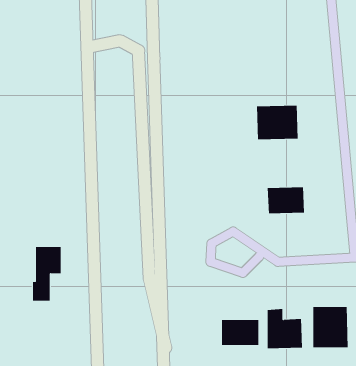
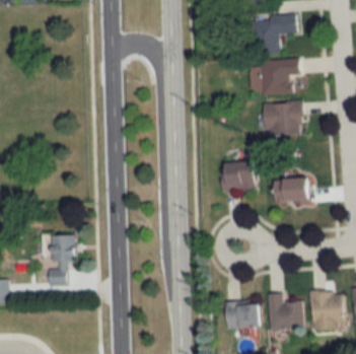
building: none -> [247,16,294,56]
building: none -> [257,60,297,95]
building: none -> [221,162,258,190]

